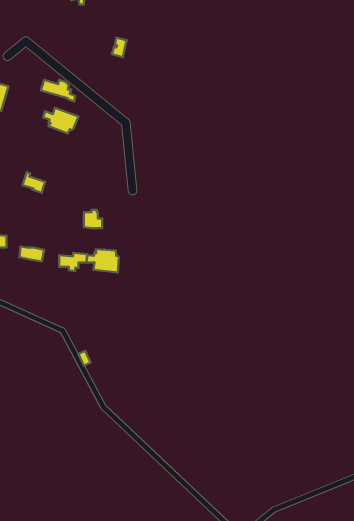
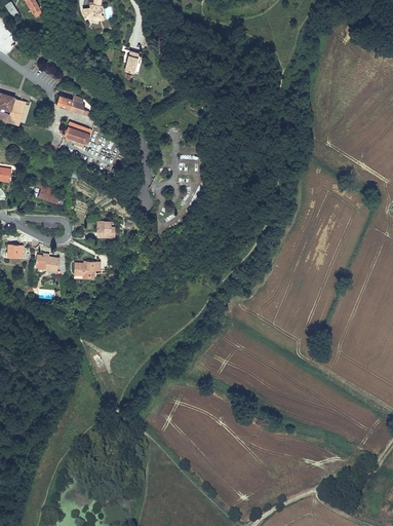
building: [86,249,119,272] -> none

